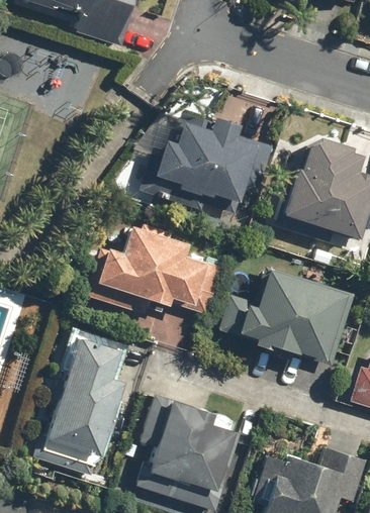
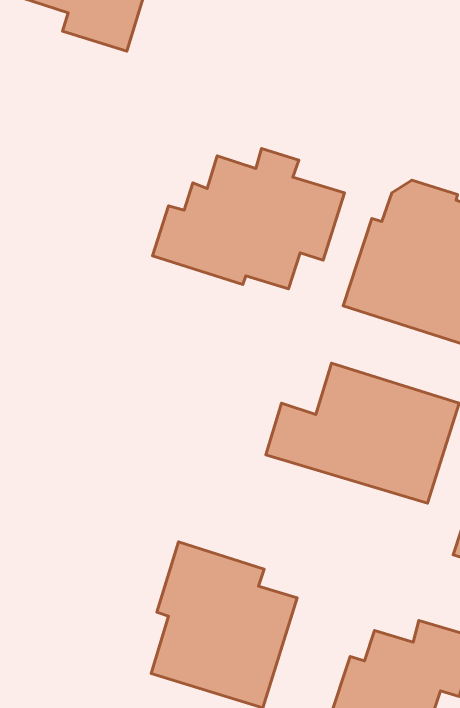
building: [86,224,221,313] -> none
building: [34,333,126,476] -> none

